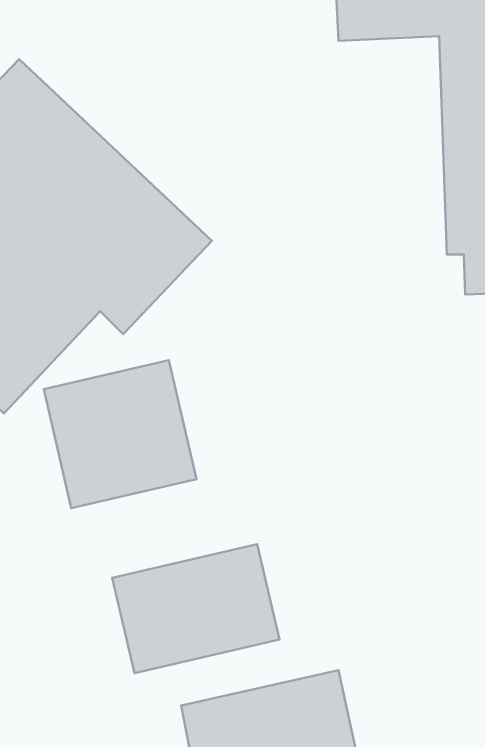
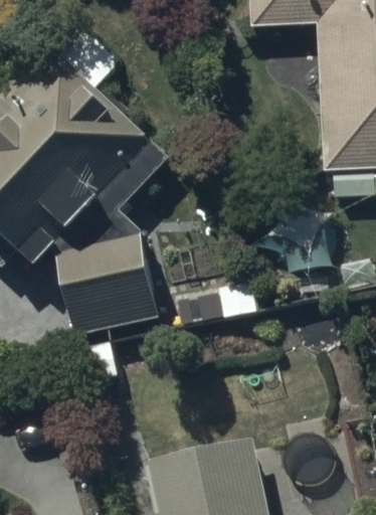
building: [112,544,280,673] -> none

